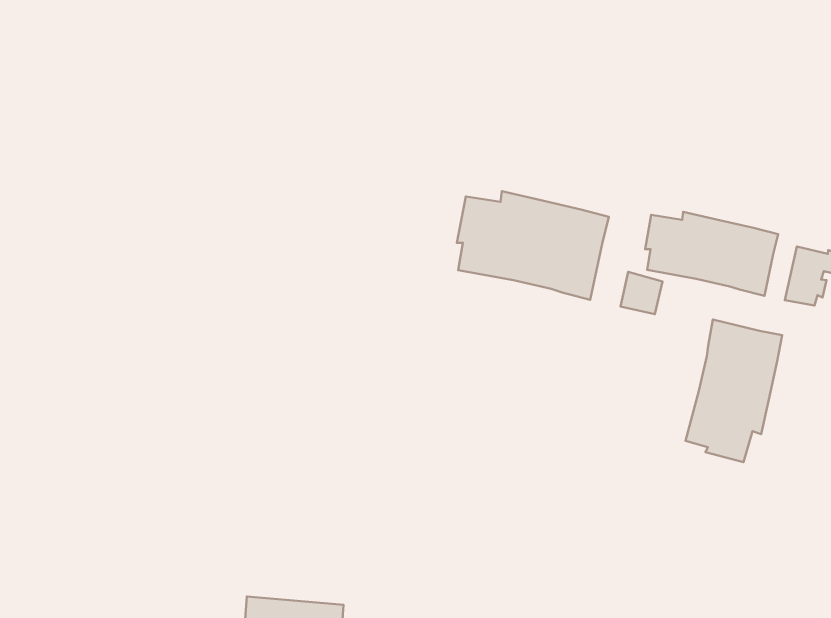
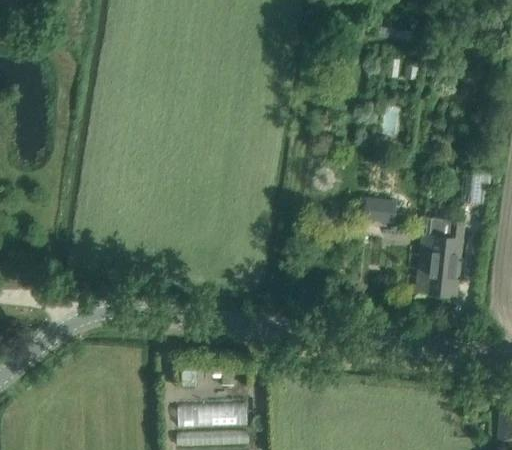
building: [457,191,609,300] -> none
building: [645,212,778,296] -> none

